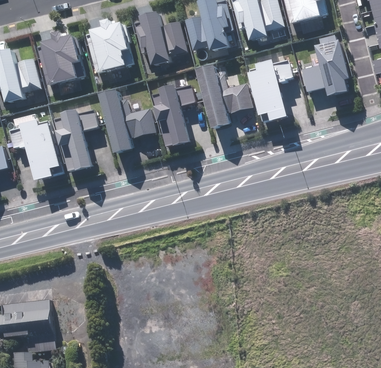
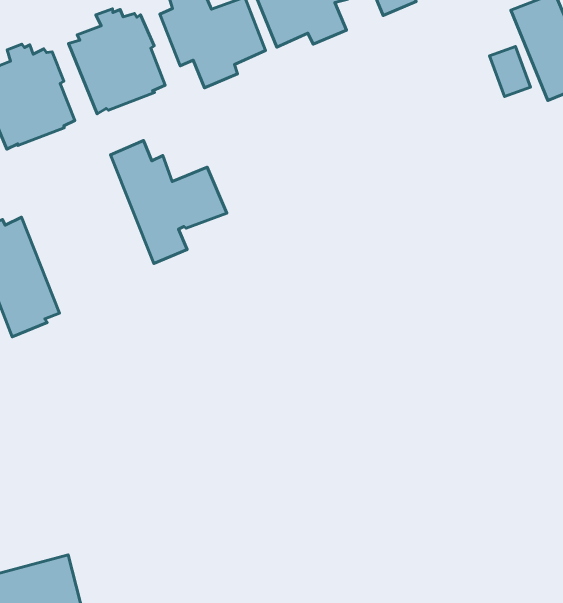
building: [249,59,293,122] -> none
building: [197,65,252,130] -> none
building: [155,82,195,143] -> none
building: [57,111,97,172] -> none

